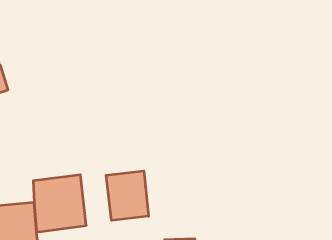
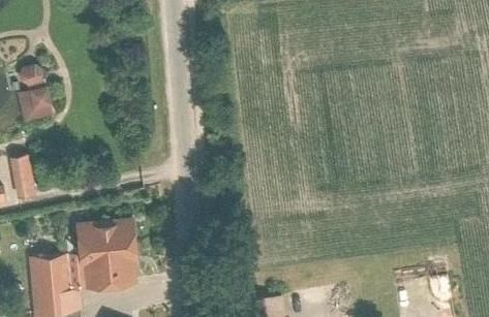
building: [106,171,149,220] -> none

